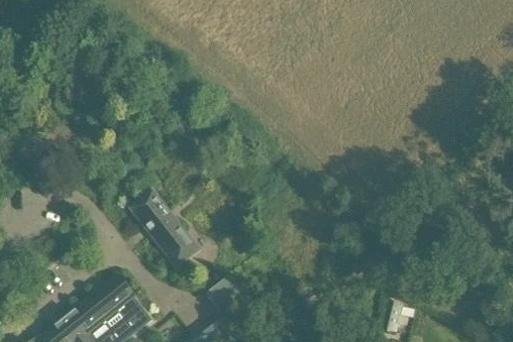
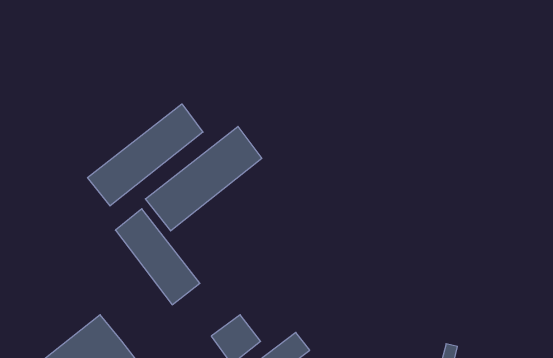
building: none -> [88,104,203,206]
building: none -> [145,126,262,231]

